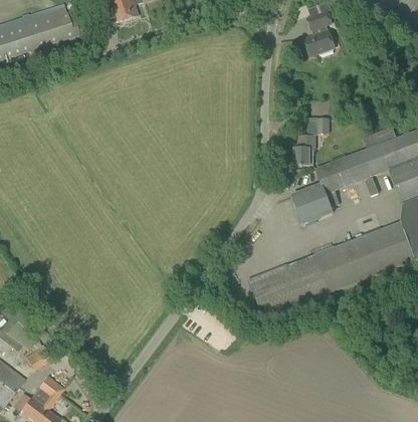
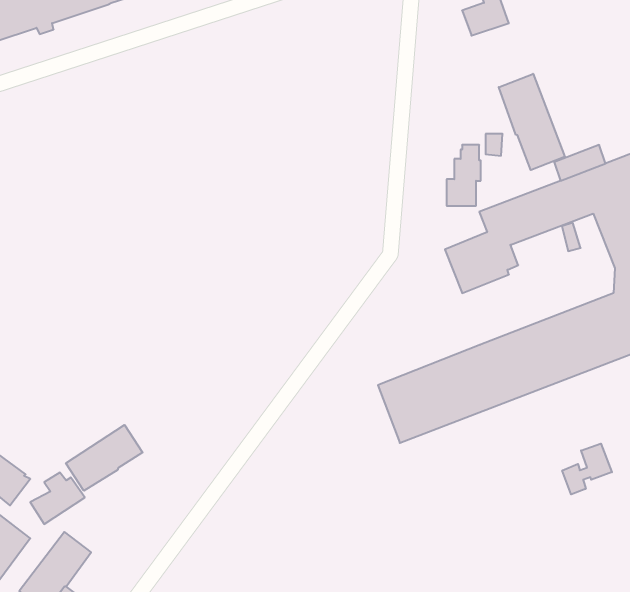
building: none -> [499,74,565,170]
building: none -> [66,425,143,491]
building: none -> [562,444,612,494]

